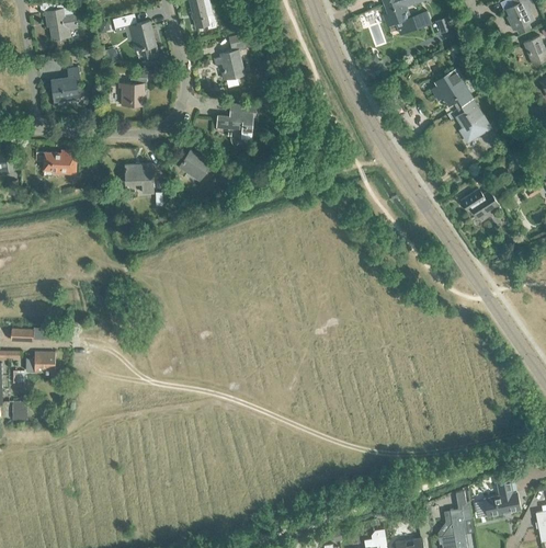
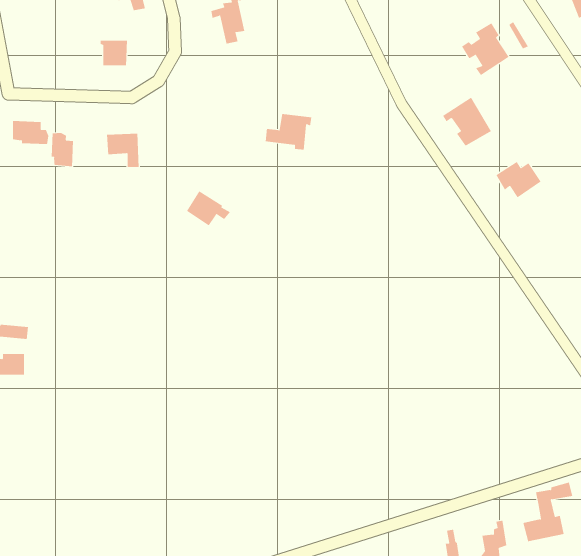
building: [50,68,80,101] -> none
building: [447,98,490,140] -> [442,97,492,147]
building: [217,102,258,134] -> [265,113,312,150]
building: [179,149,217,180] -> [186,190,231,226]
building: none -> [51,132,74,167]

